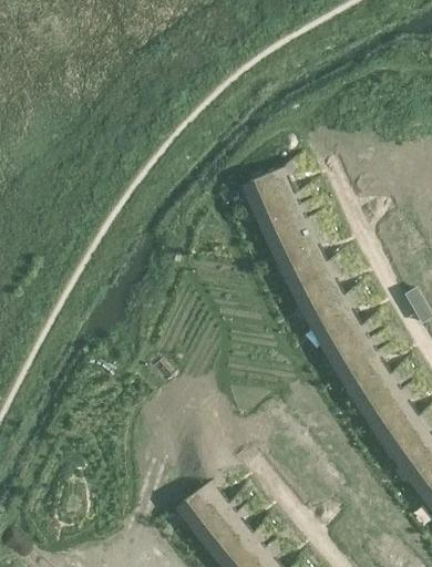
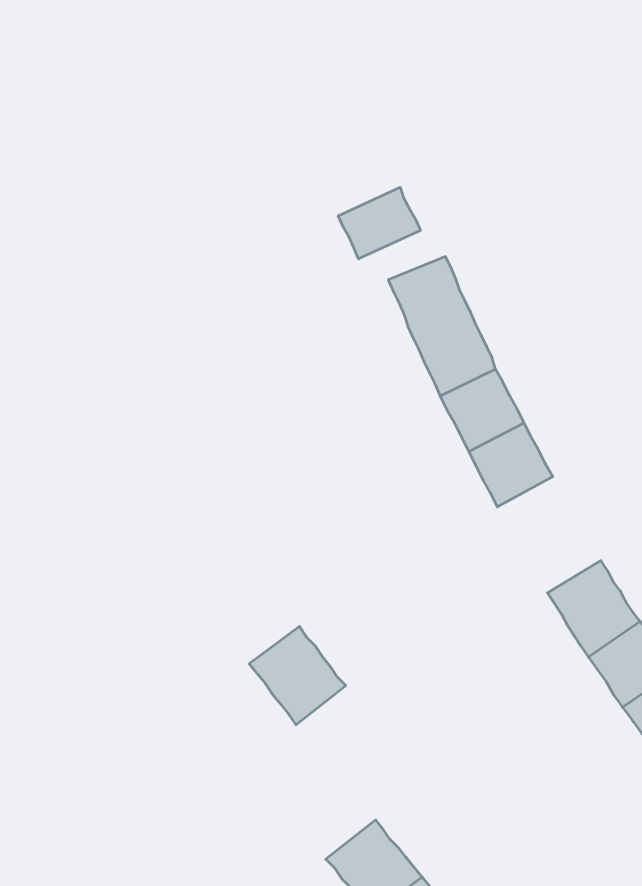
building: none -> [338,187,420,259]
building: [313,308,378,380] -> none
building: [178,484,238,545] -> [249,626,346,725]

